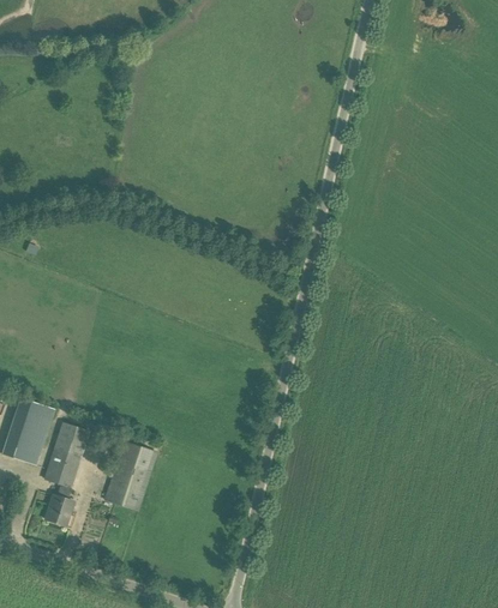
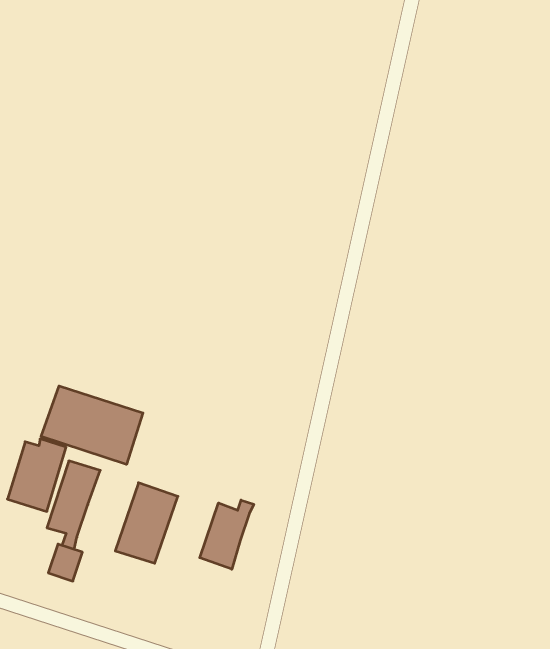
building: none -> [41,386,143,464]
building: none -> [200,500,254,569]

